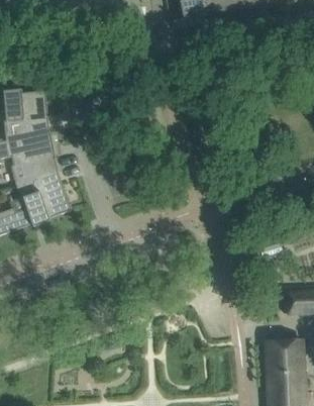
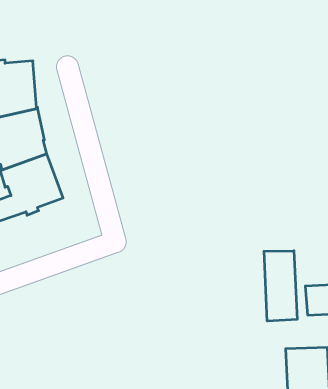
building: none -> [264,251,297,321]

